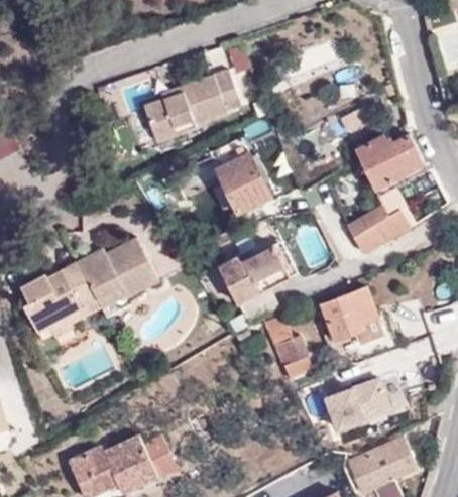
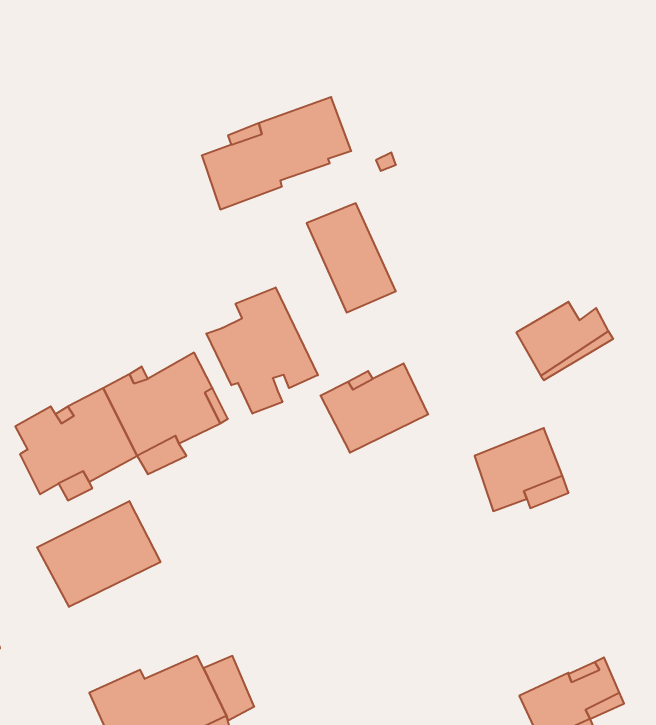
building: [353,133,423,190] -> none
building: none -> [206,287,318,414]
building: [271,332,308,367] -> none
building: none -> [37,501,160,607]
building: [320,377,392,436] -> none

